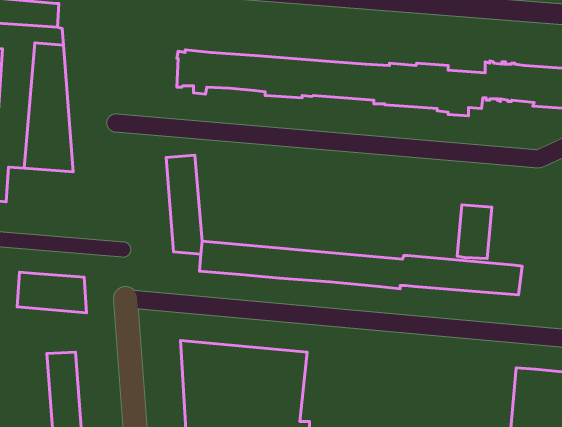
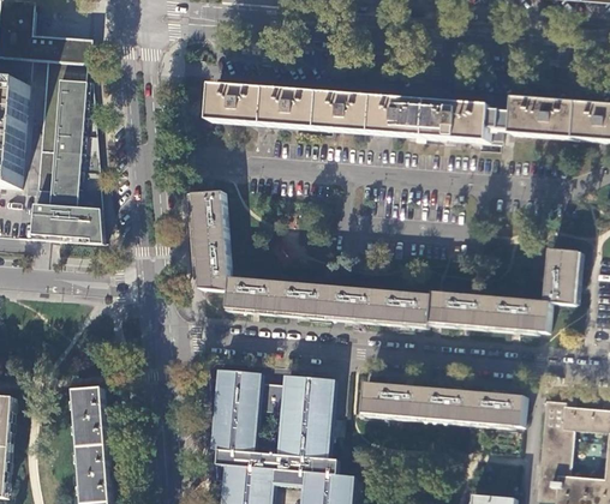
building: [457,205,492,259] -> [543,248,578,302]
building: [17,272,86,313] -> [31,202,101,242]
building: none -> [361,380,525,425]

